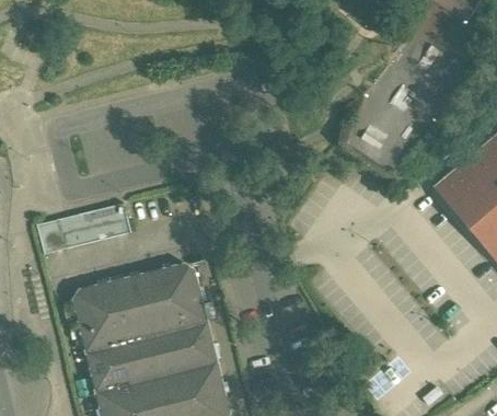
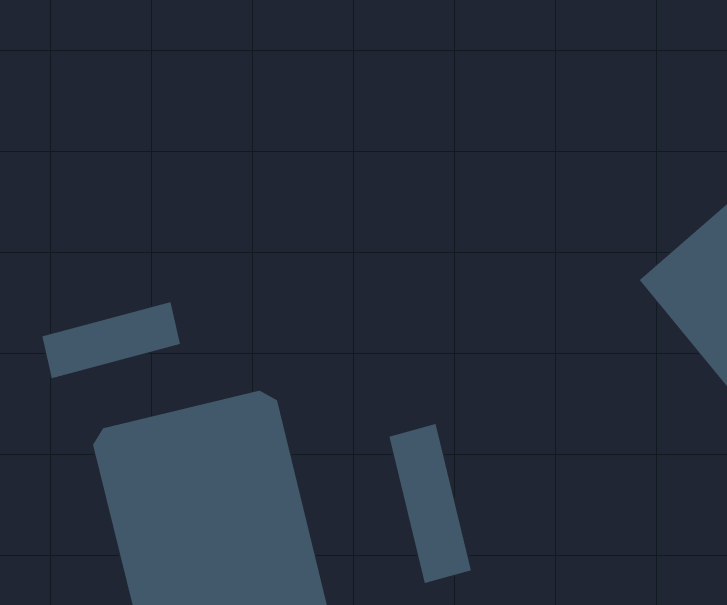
building: none -> [389,423,472,584]

